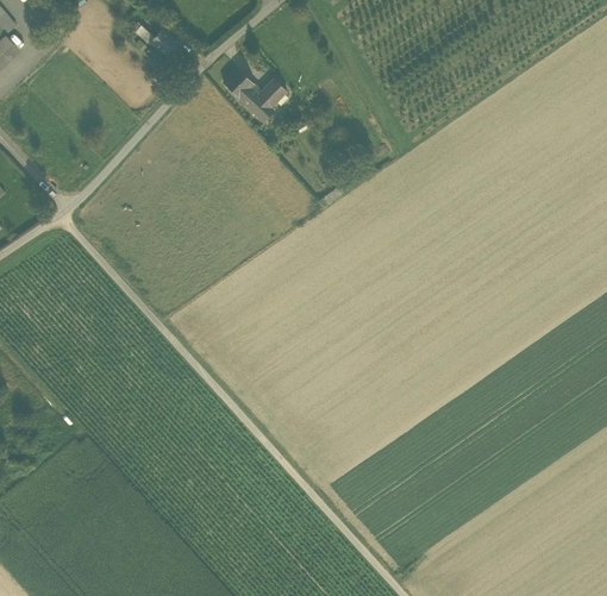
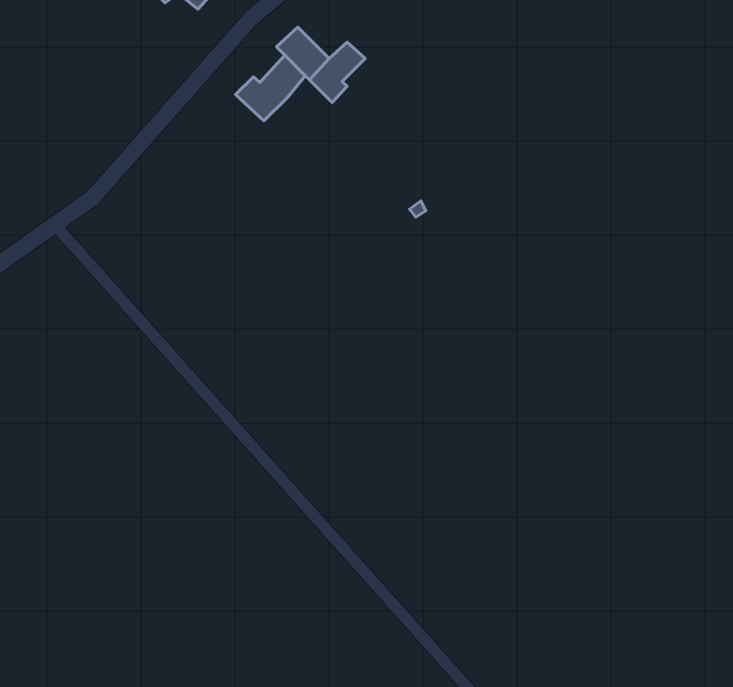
building: none -> [236,55,305,121]

